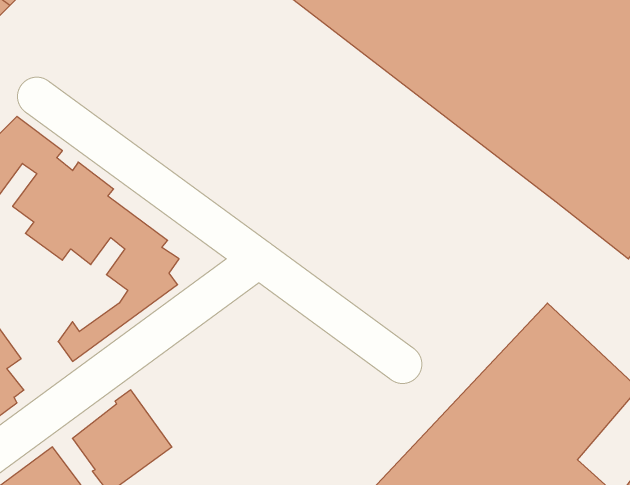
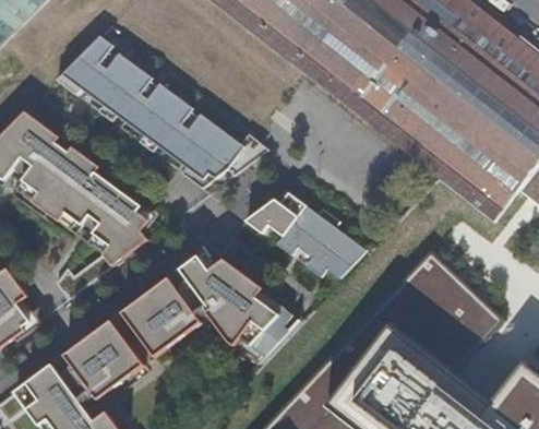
building: none -> [57,36,268,189]
building: none -> [245,191,372,278]
building: none -> [180,255,292,364]
building: none -> [122,281,202,357]

